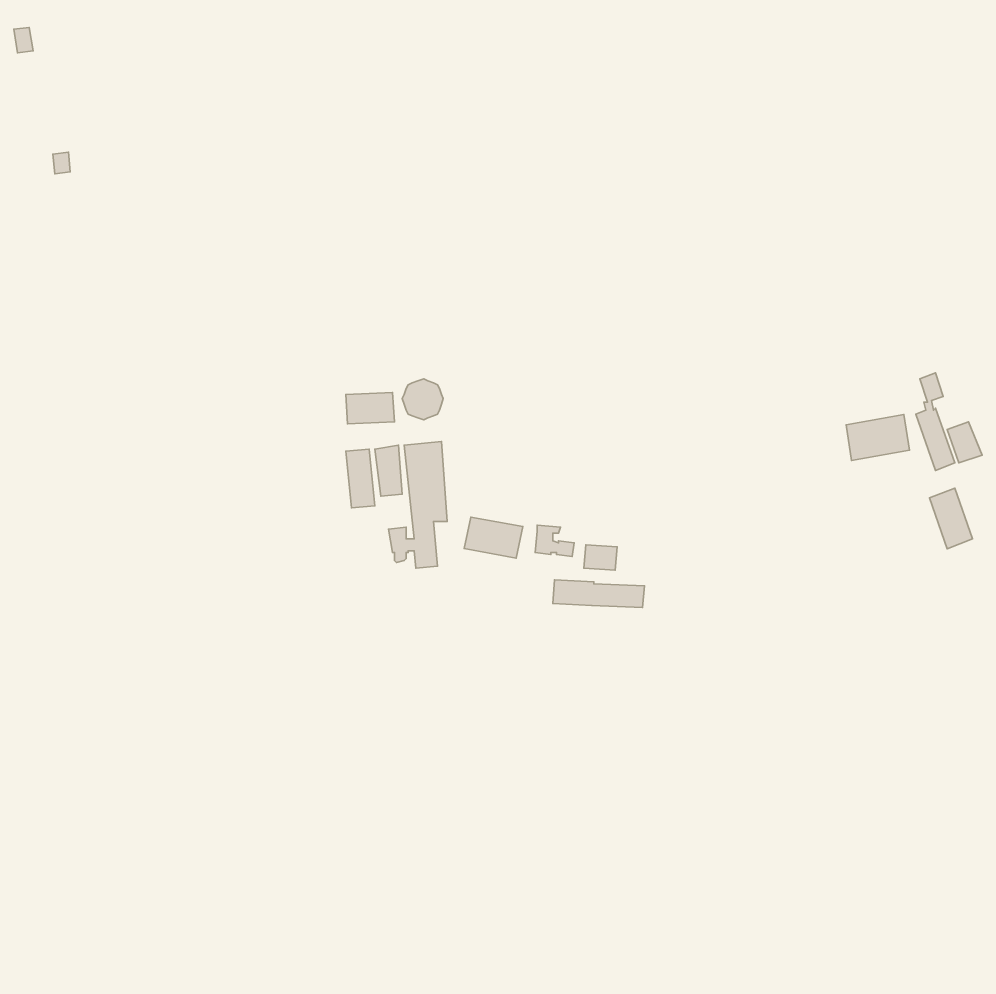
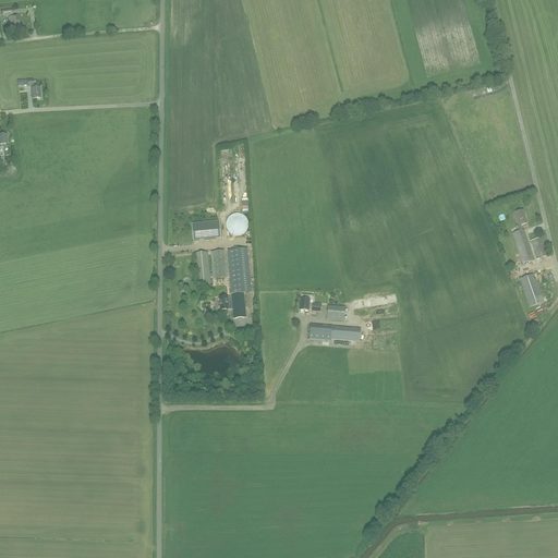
building: [846,415,909,461] -> none
building: [464,517,523,558] -> none

